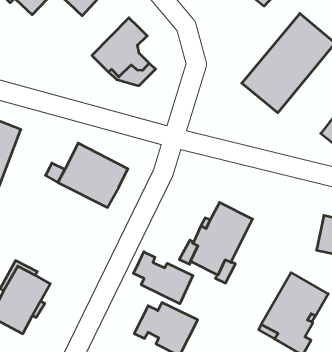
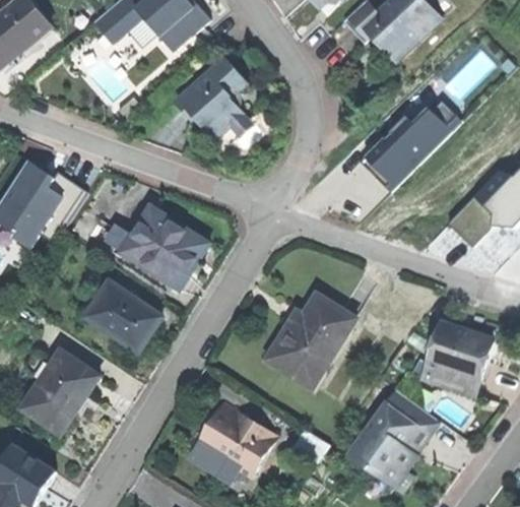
building: none -> [85,282,160,352]
building: [133,252,193,304] -> none

